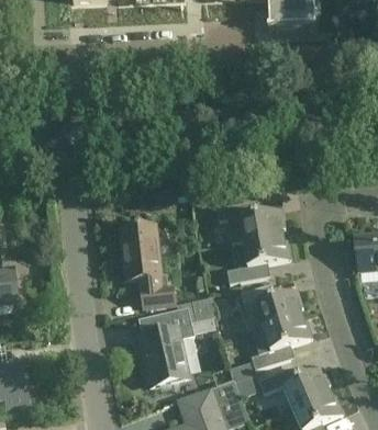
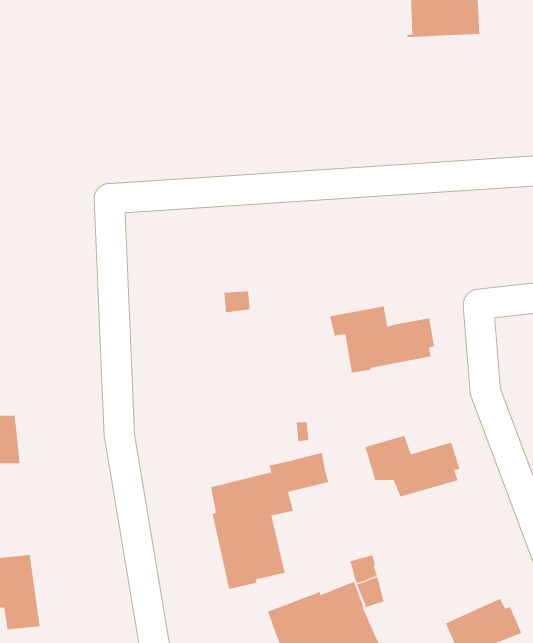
building: [121,224,175,307] -> none
building: [227,234,291,283] -> none
building: [251,315,312,370] -> none
building: [258,366,330,408] -> none

